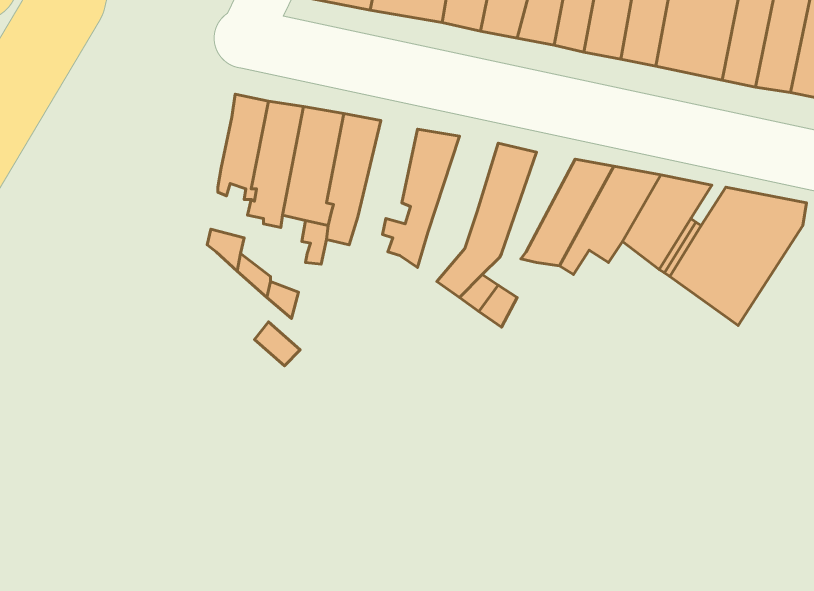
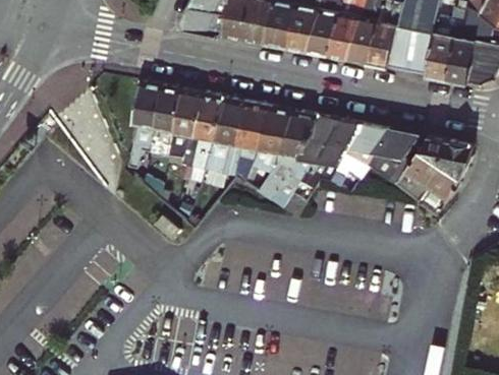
building: none -> [211,99,251,175]
building: none -> [251,108,297,192]
building: none -> [299,117,342,179]

